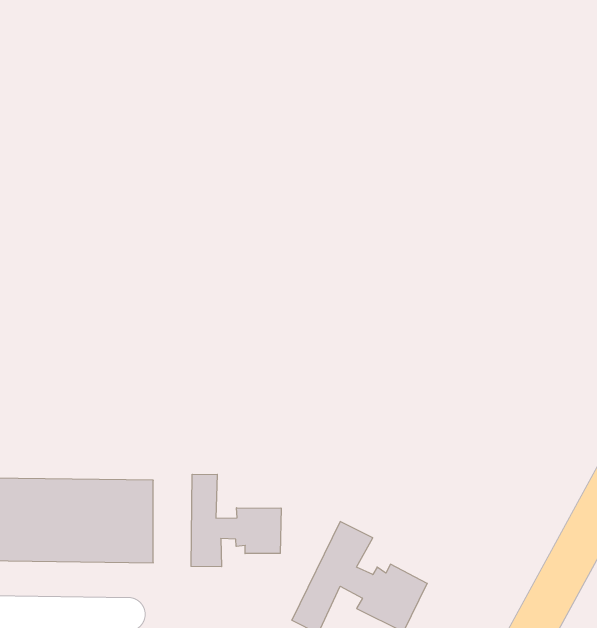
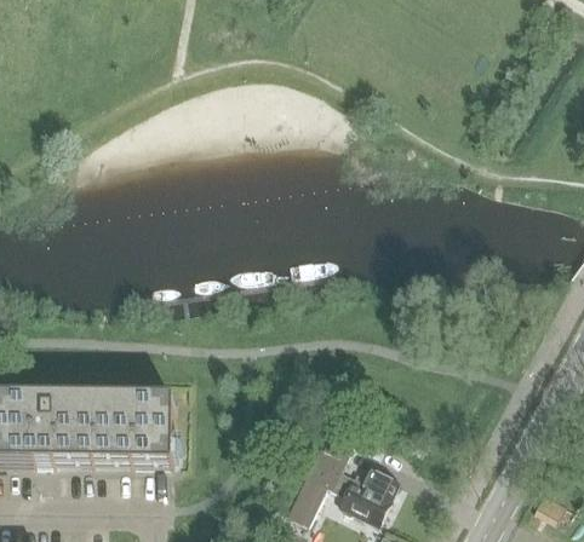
building: [191,474,281,567] -> none

